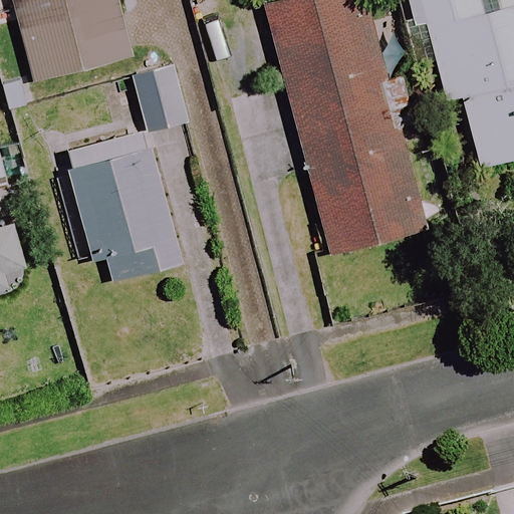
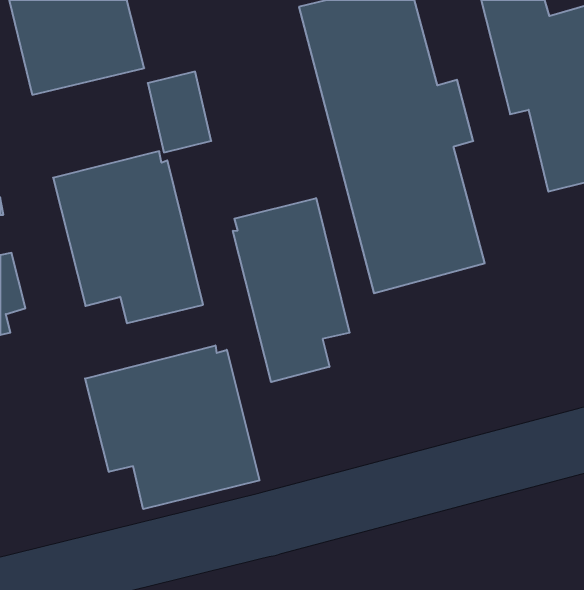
building: none -> [233,198,350,382]
building: none -> [85,345,259,509]

